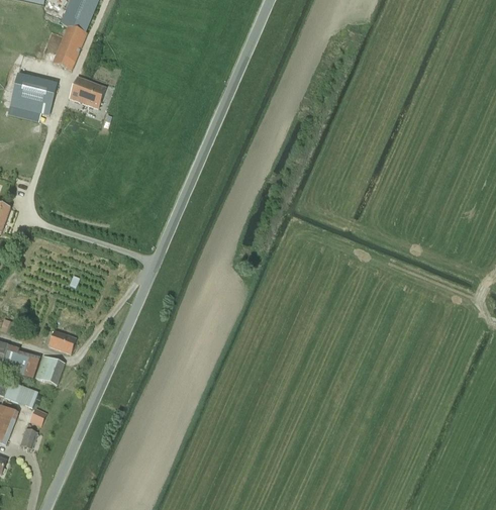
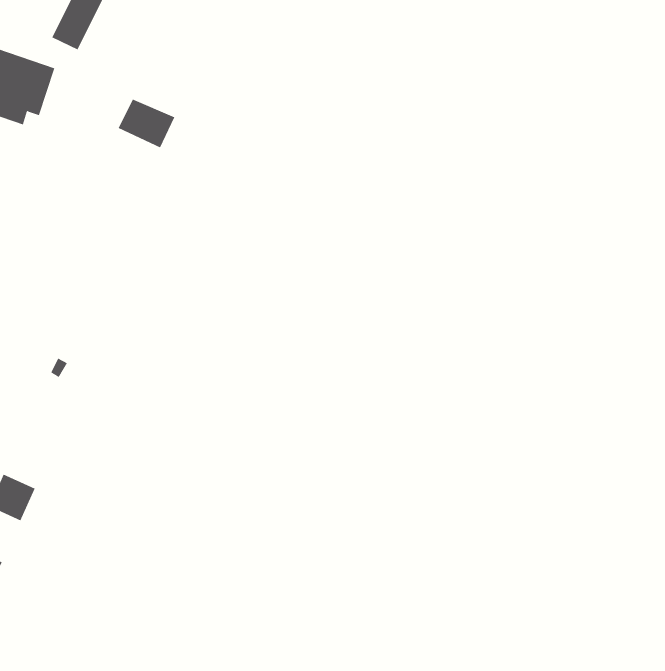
building: [69,77,106,108] -> [118,99,175,148]
building: [47,329,76,353] -> none

